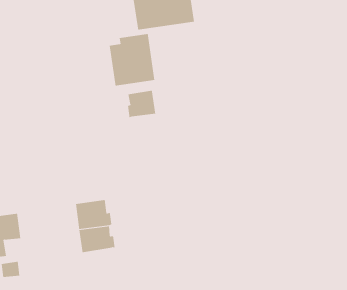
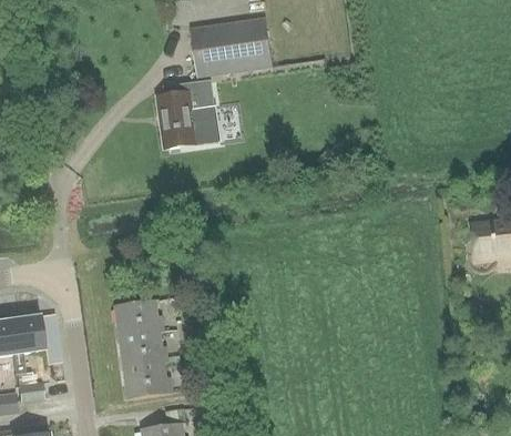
building: [127,90,156,118] -> none
building: none -> [124,362,172,398]

